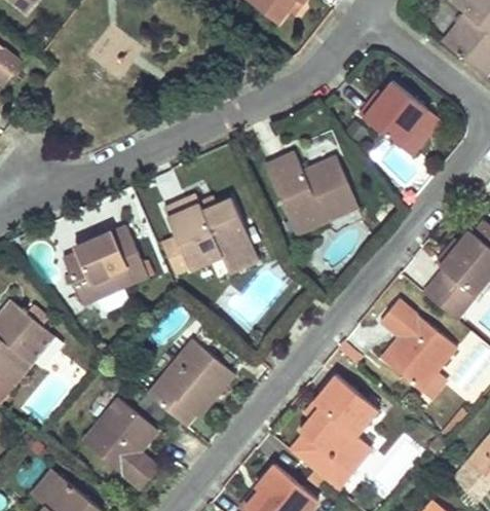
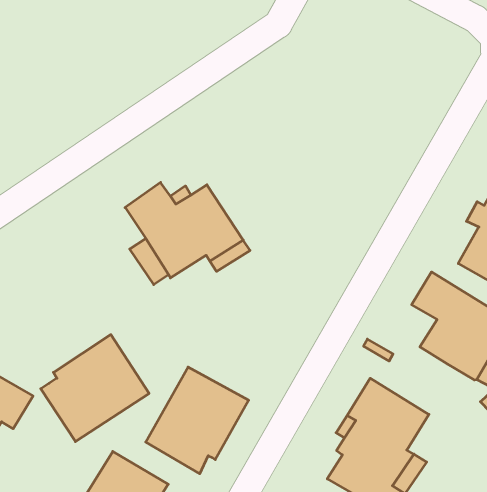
building: [363,78,441,158] -> none
building: [262,148,357,233] -> none
building: [62,222,148,303] -> [41,335,149,442]

